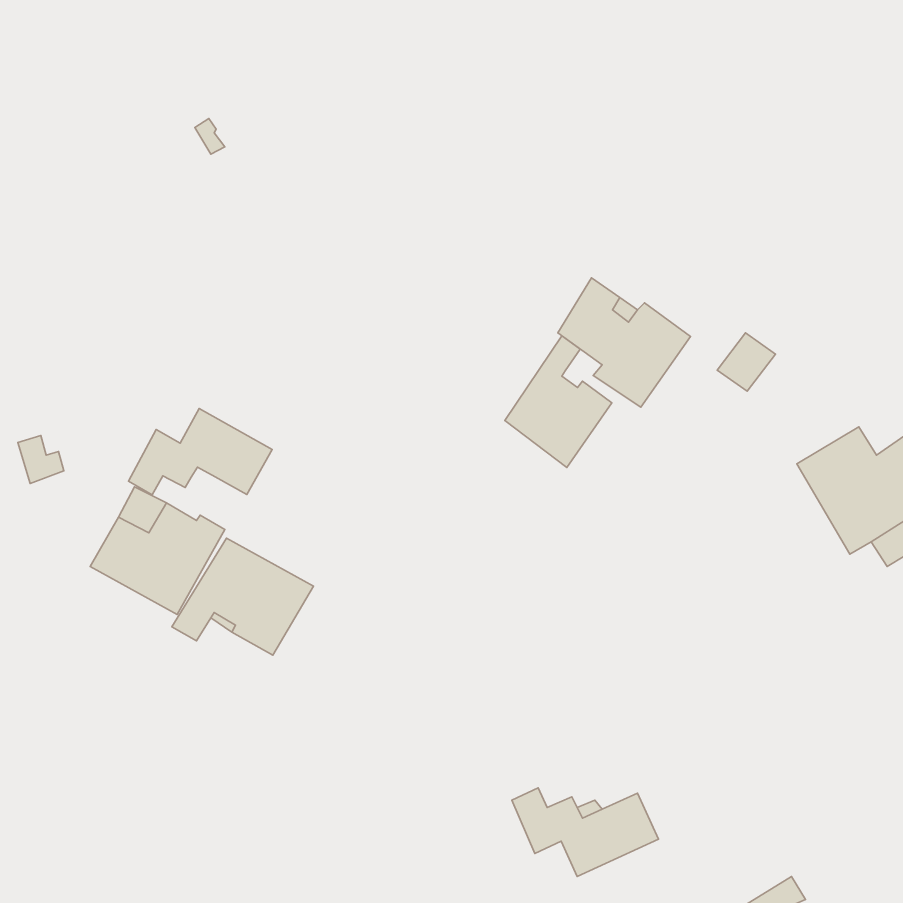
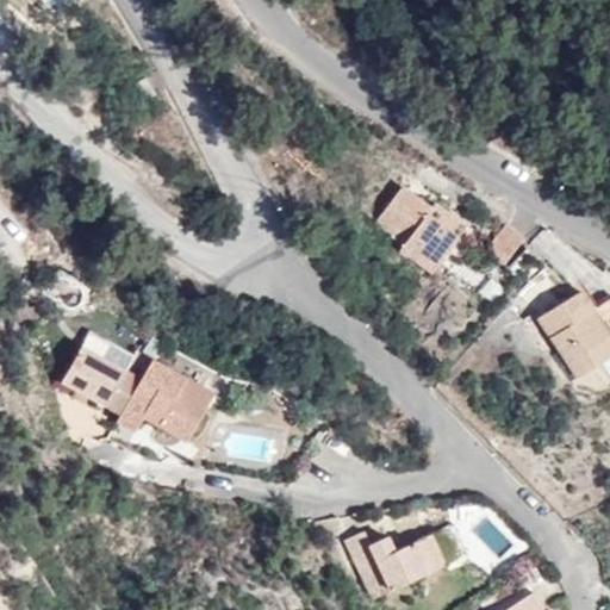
building: [505,336,612,467] -> none
building: [128,409,272,495] -> none

